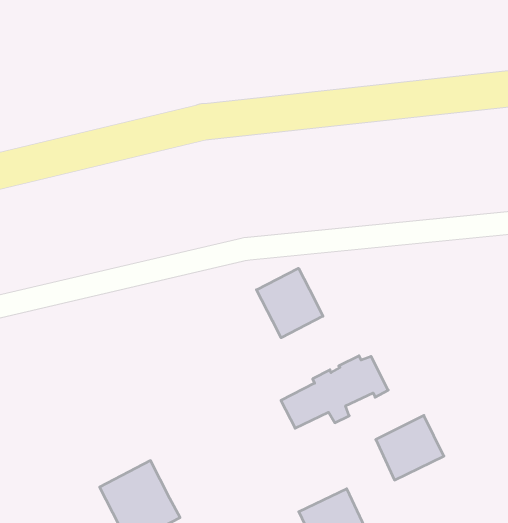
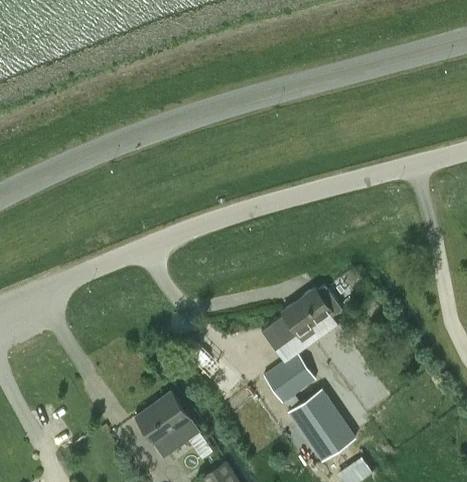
building: [256,268,323,338] -> none
building: [376,415,444,480] -> [264,352,317,404]

